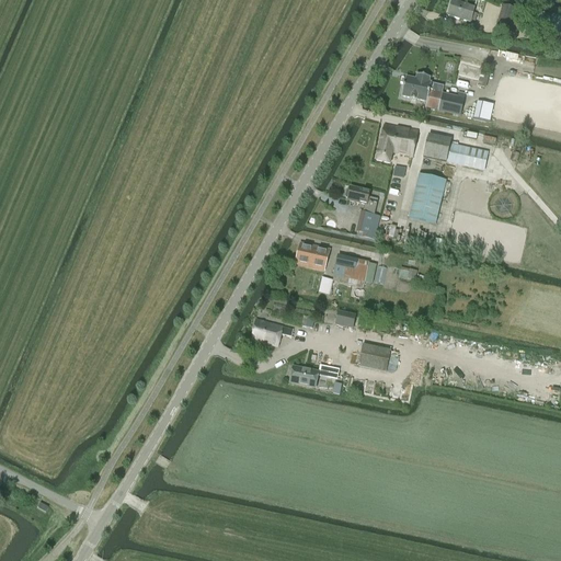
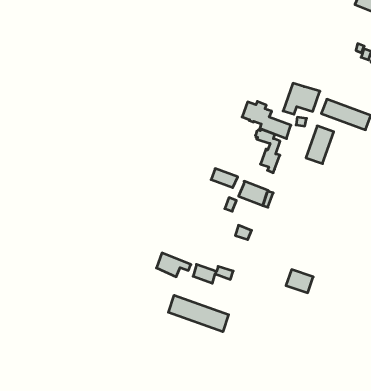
building: [401,72,463,114] -> [242,101,291,139]
building: [251,318,294,345] -> [156,253,191,277]
building: [358,343,391,369] -> [286,270,313,293]
building: none -> [168,295,229,332]

